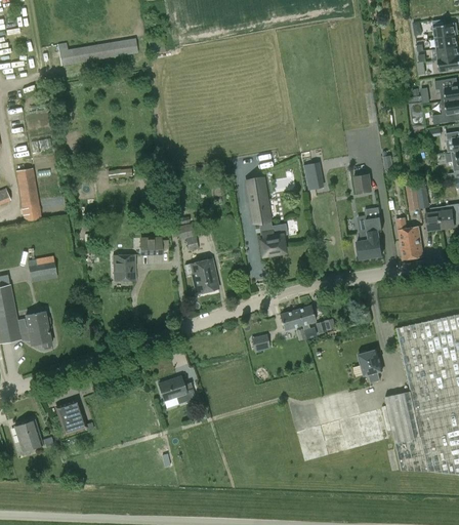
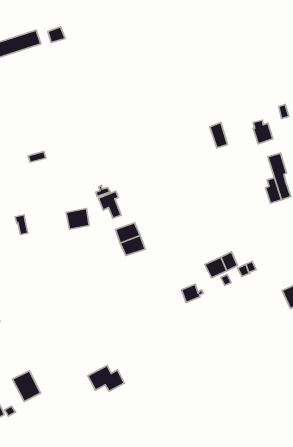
building: [245,178,286,257] -> none
building: [113,255,135,281] -> none
building: [158,376,196,404] -> [88,365,124,391]

